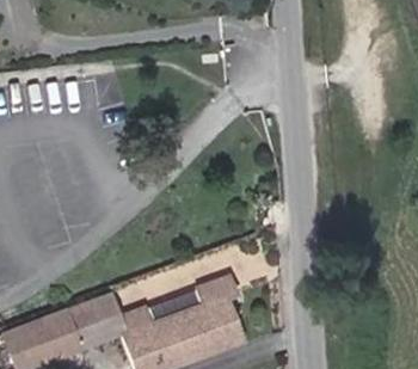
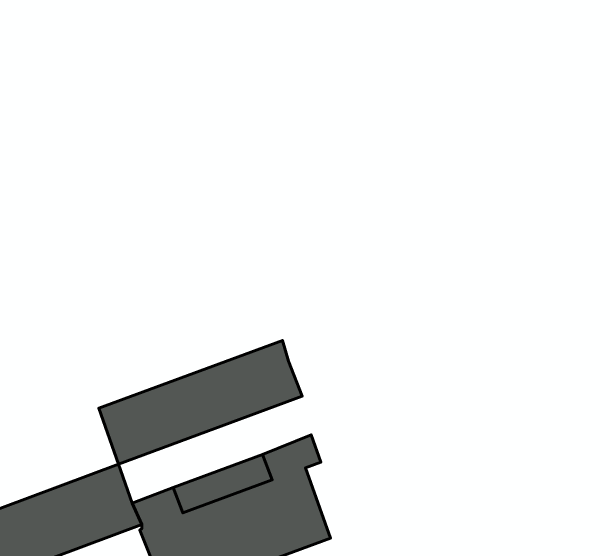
building: none -> [99,340,302,464]

